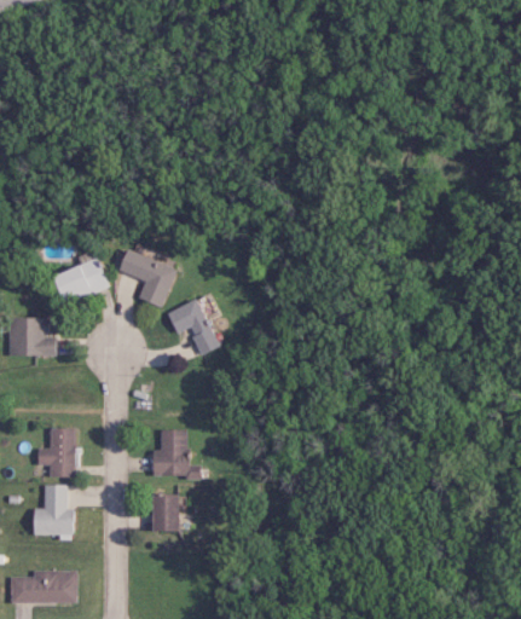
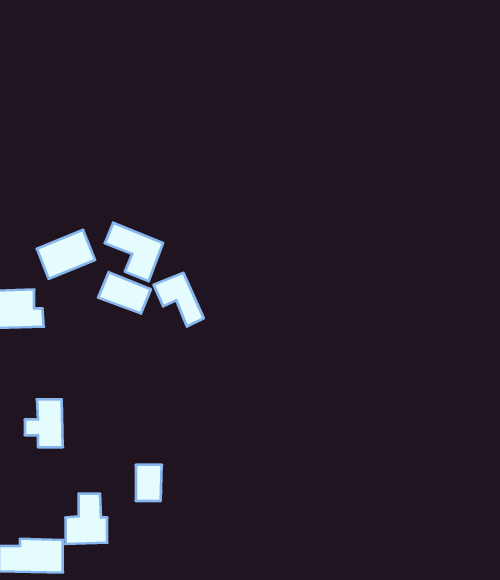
building: none -> [98,272,151,314]
building: [151,429,199,476] -> none
building: [33,485,75,536] -> [65,494,107,544]

